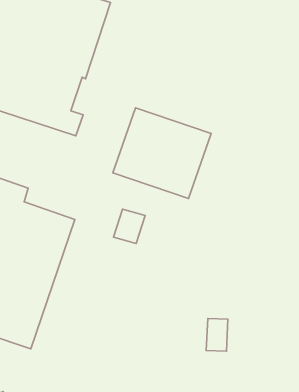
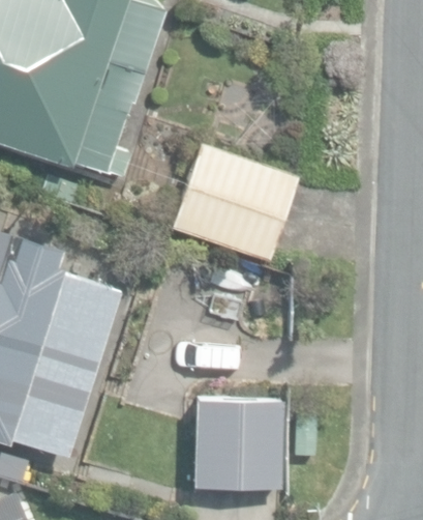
building: none -> [192,399,284,489]

